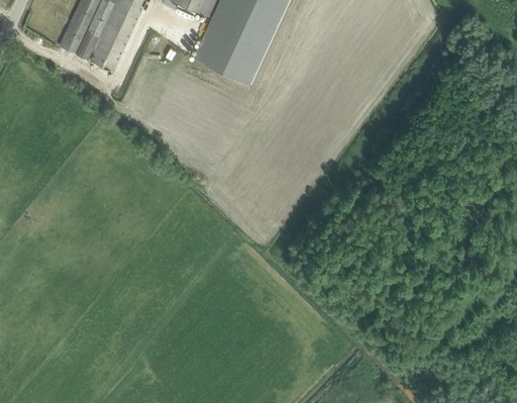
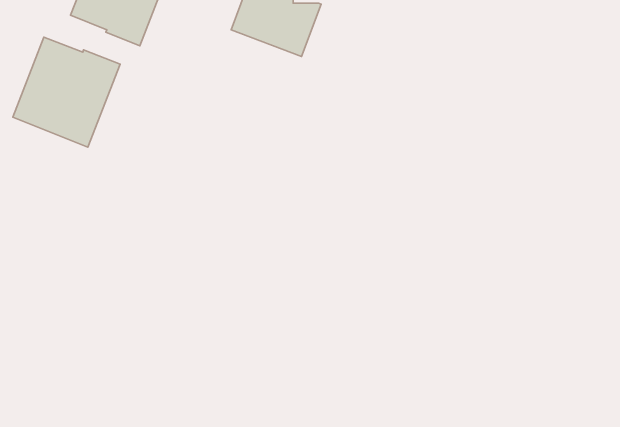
building: none -> [13,37,120,147]

